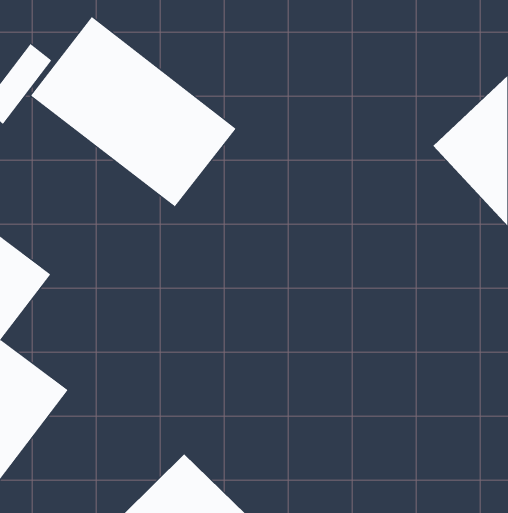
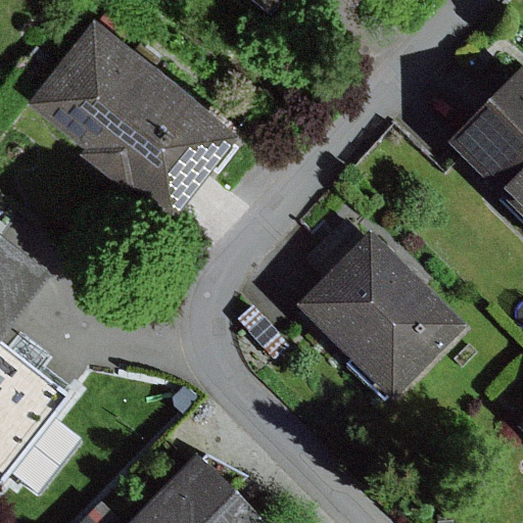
building: none -> [294,211,466,409]

